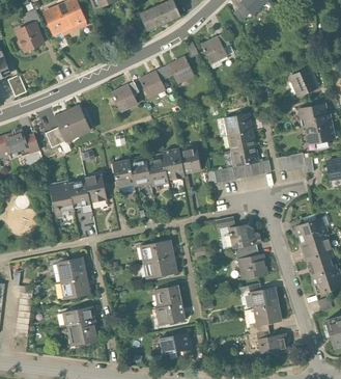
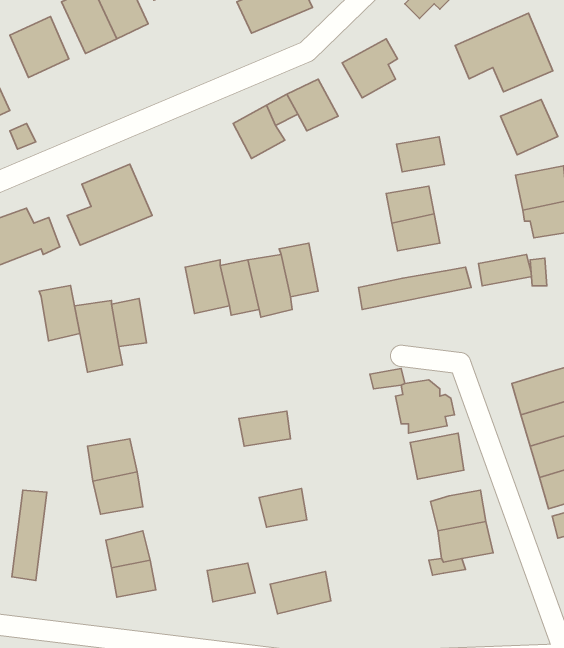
building: none -> [455,13,553,92]
building: [111,83,139,112] -> none
building: [180,144,201,174] -> none
building: [230,147,257,167] -> [397,137,445,172]
building: [84,172,107,204] -> [39,286,80,341]
building: [144,258,173,278] -> none
building: [157,303,183,325] -> [207,563,255,602]
building: [257,333,290,356] -> none

